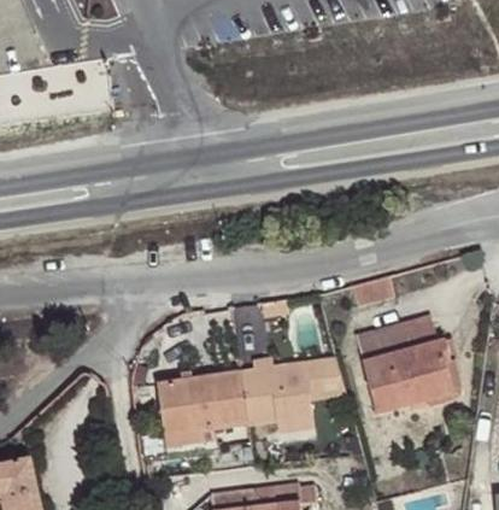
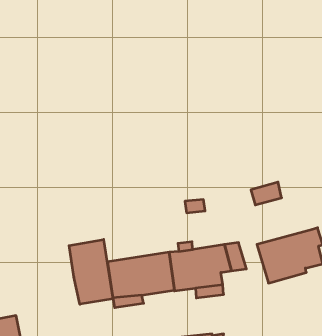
building: [353,316,436,360] -> none
building: none -> [69,239,113,304]

